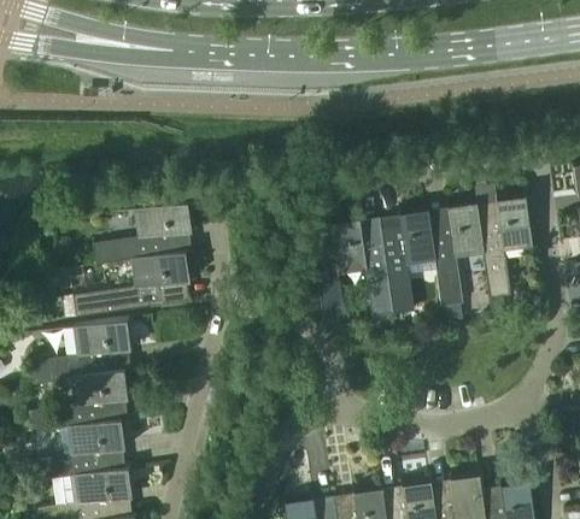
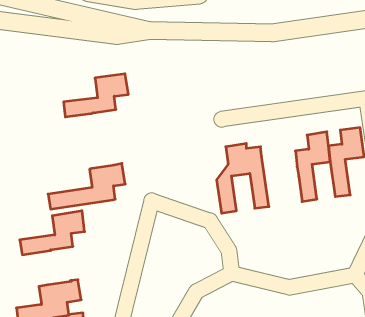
building: [93,201,187,264] -> [64,74,128,117]
building: [382,212,437,313] -> none
building: [29,370,123,432] -> none

